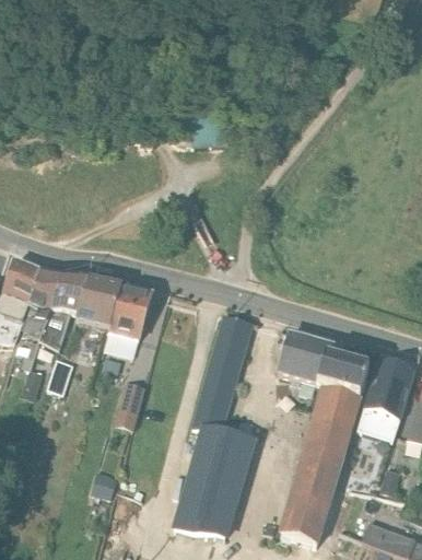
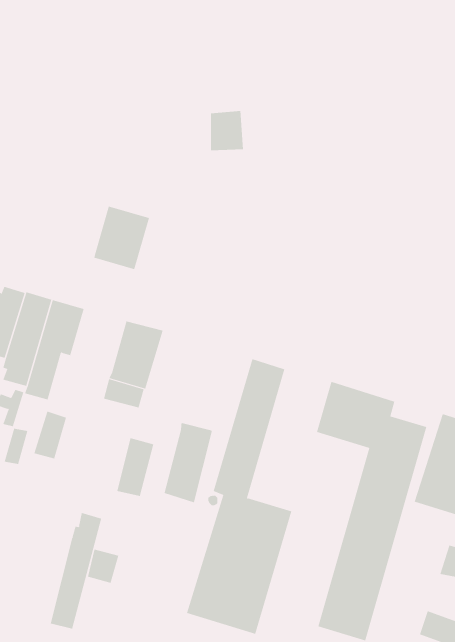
building: [77,275,122,327] -> [93,206,150,270]
building: none -> [164,422,212,503]
building: none -> [50,512,102,630]

